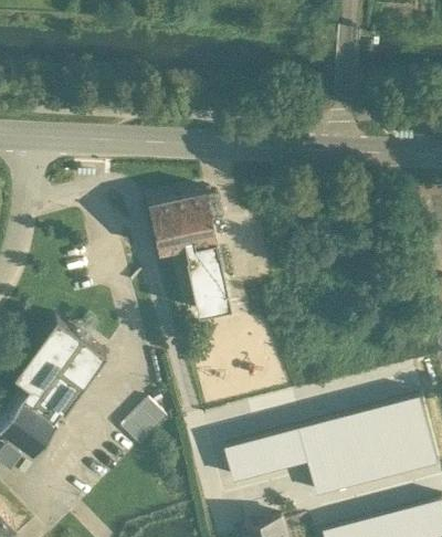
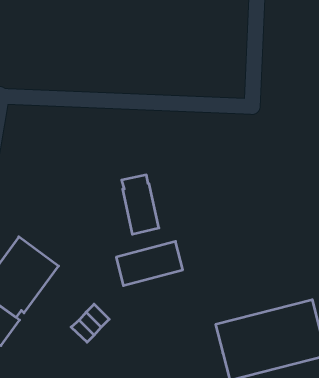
building: [146,191,214,253] -> none
building: [225,428,308,483] -> [116,241,183,286]

